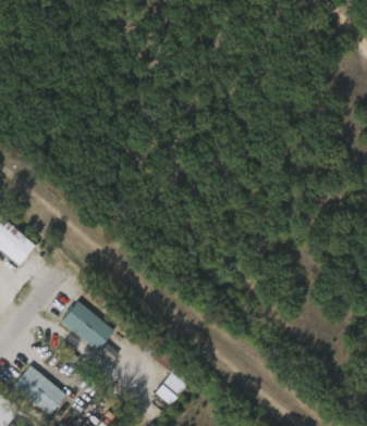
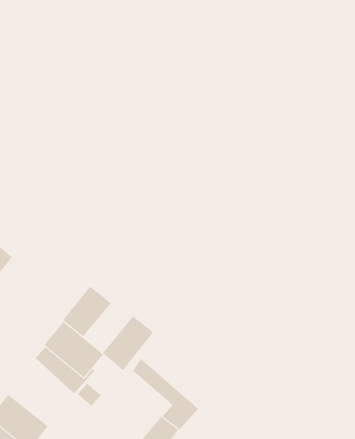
building: none -> [62,286,111,337]
building: none -> [102,315,154,371]

